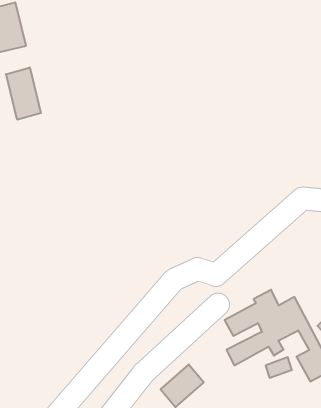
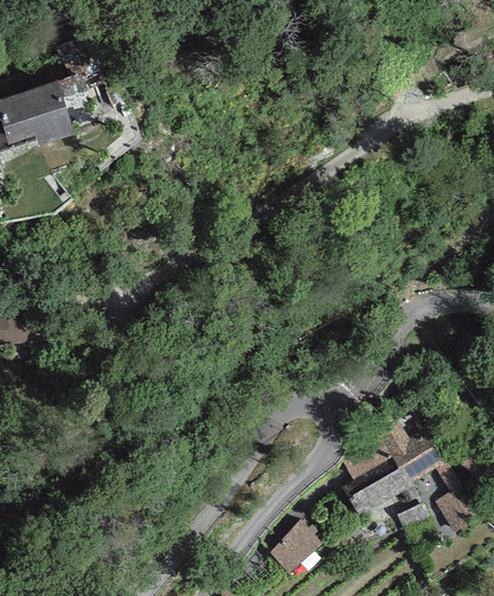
building: [6,67,41,120] -> none

